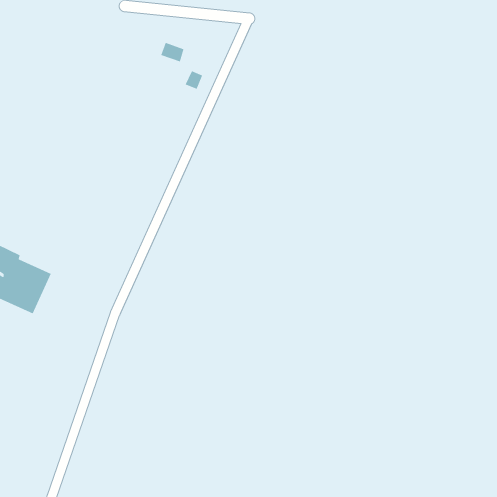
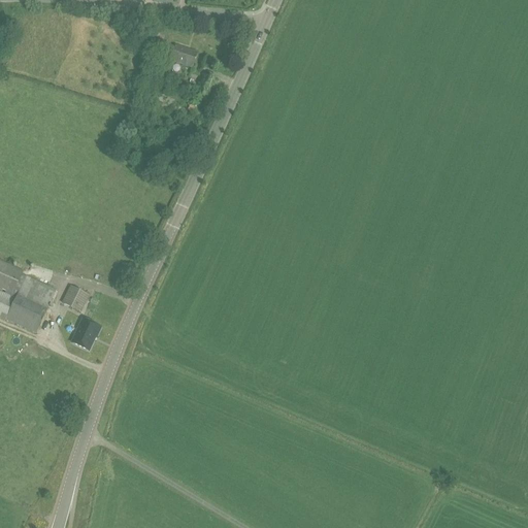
building: none -> [60,284,88,311]
building: none -> [70,318,99,350]

